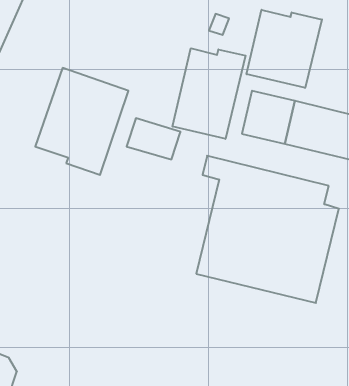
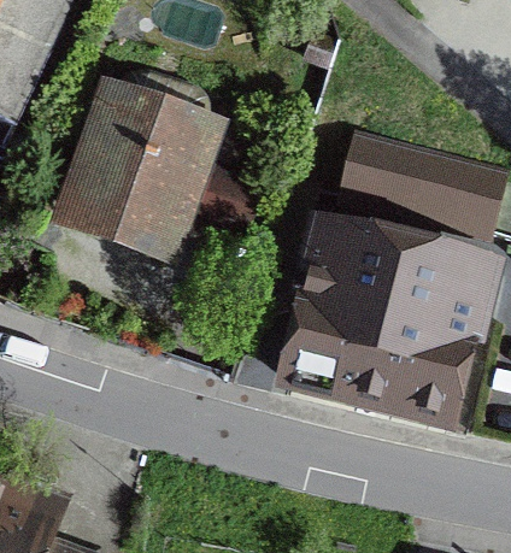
building: [247,10,322,88] -> none
building: [173,48,246,139] -> none

